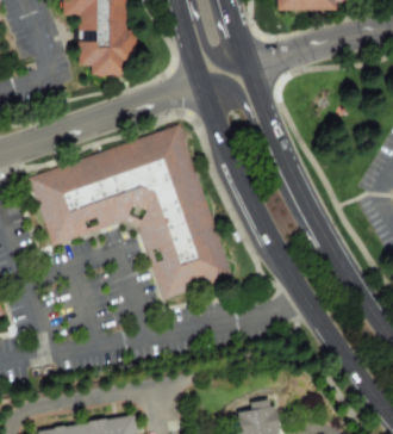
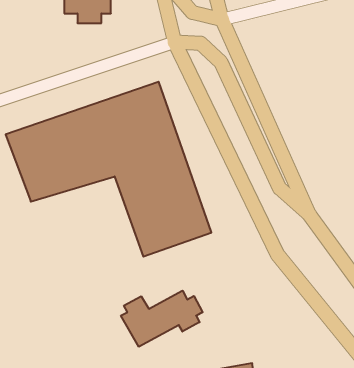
building: none -> [121,291,203,347]

